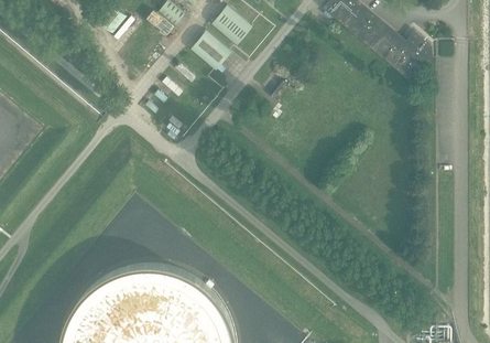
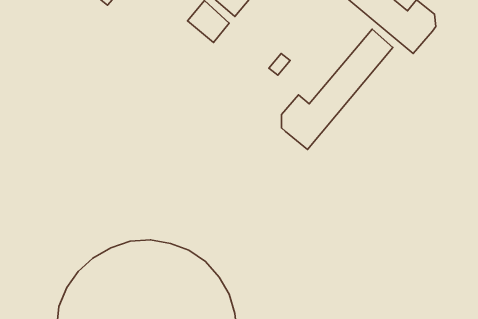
building: none -> [282,29,393,150]

